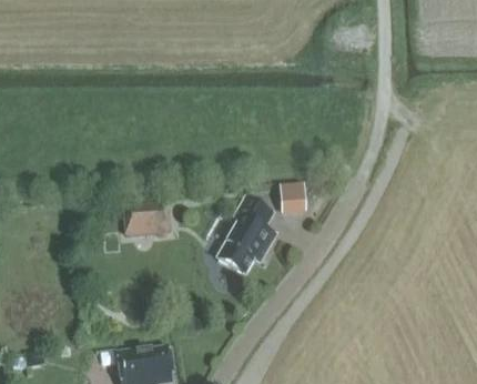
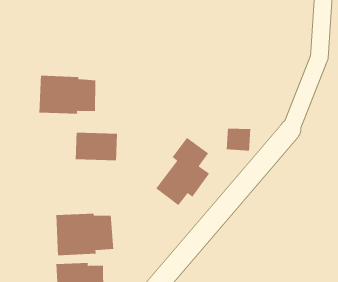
building: none -> [39,75,96,115]
building: none -> [55,213,114,256]

